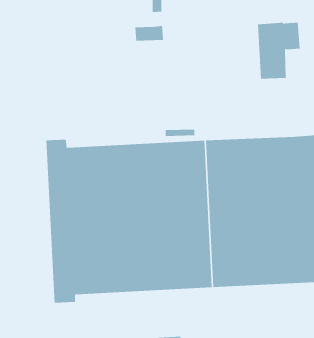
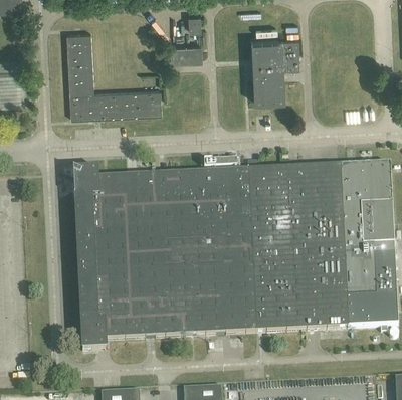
building: none -> [67,32,162,118]
building: [257,22,300,79] -> [251,39,298,102]

